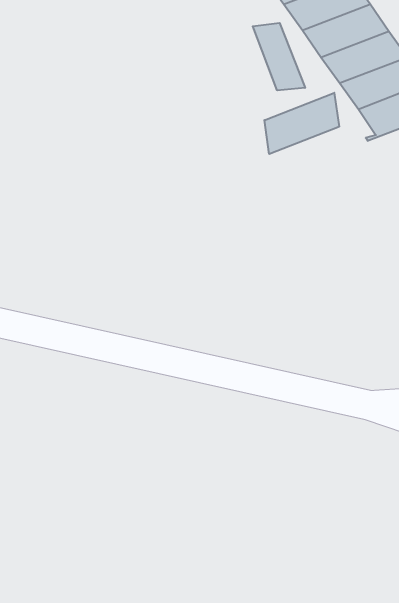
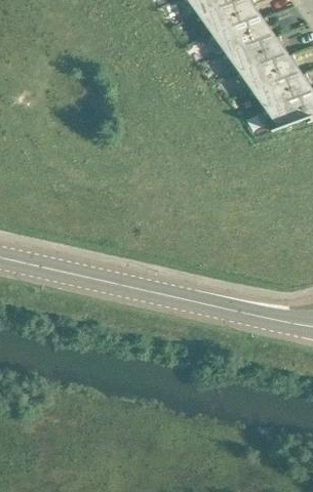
building: [253,23,305,90] -> none
building: [264,93,339,154] -> none

